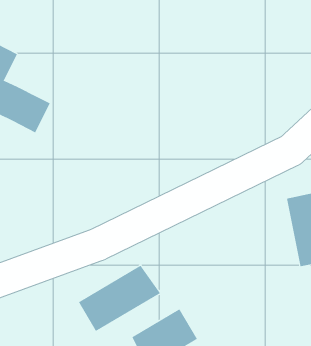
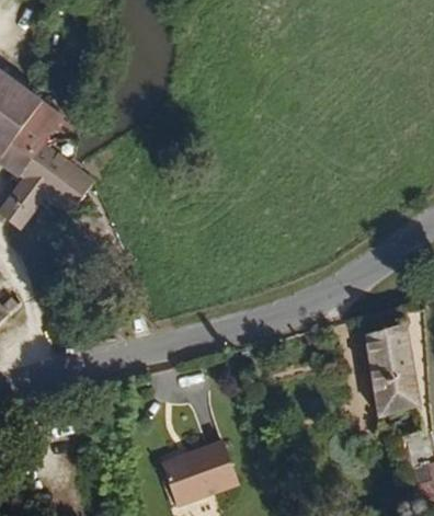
building: [78,265,161,332] -> none

